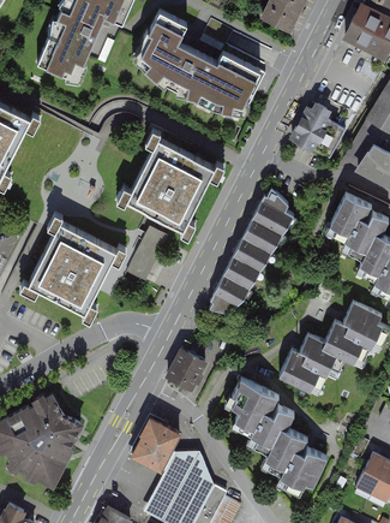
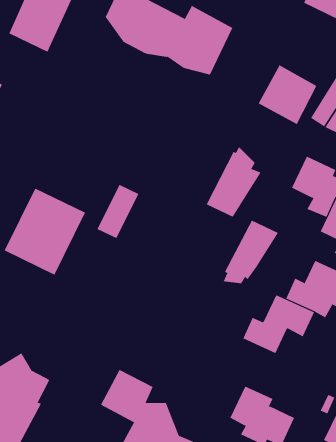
building: [122,138,210,227] -> none
building: [209,244,265,309] -> [223,220,279,284]
building: [170,341,210,387] -> none
building: [223,378,286,451] -> none

